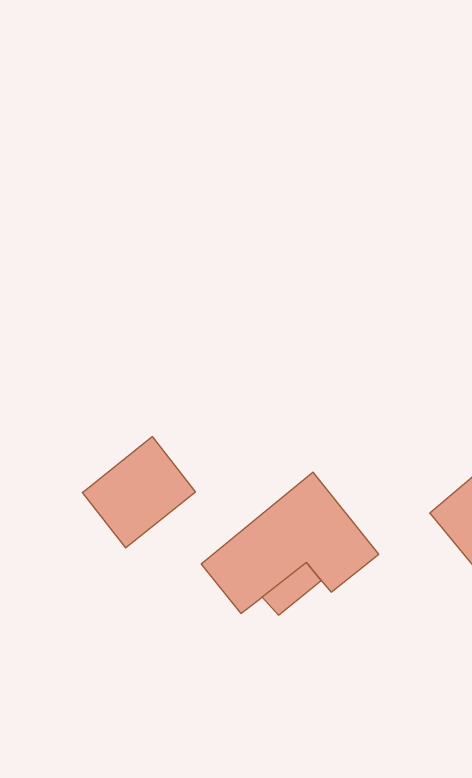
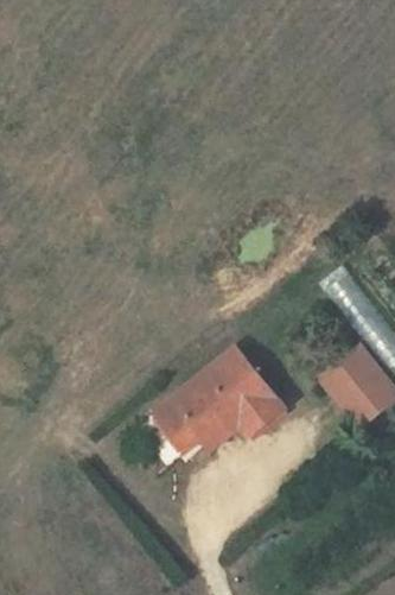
building: [82,437,195,548] -> none

